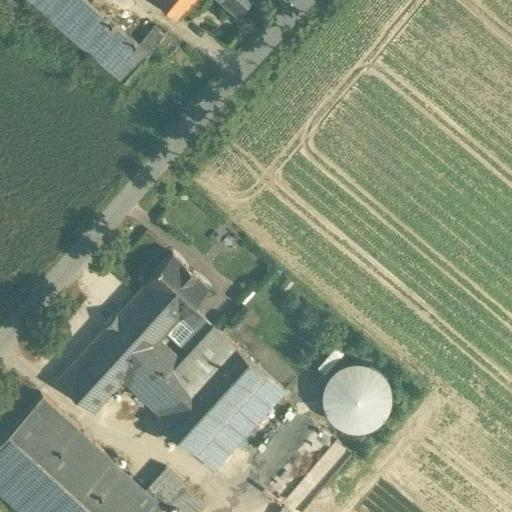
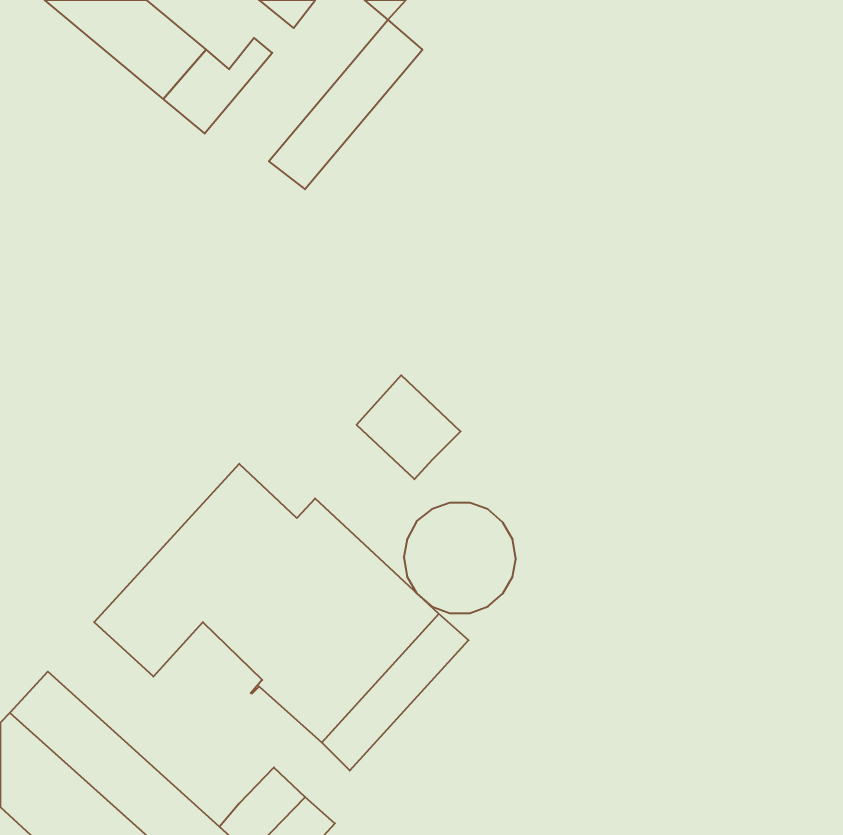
building: none -> [269,20,422,189]
building: [145,256,208,319] -> [357,375,461,479]
building: [322,365,390,432] -> [404,503,516,613]
building: [29,398,145,506] -> none

